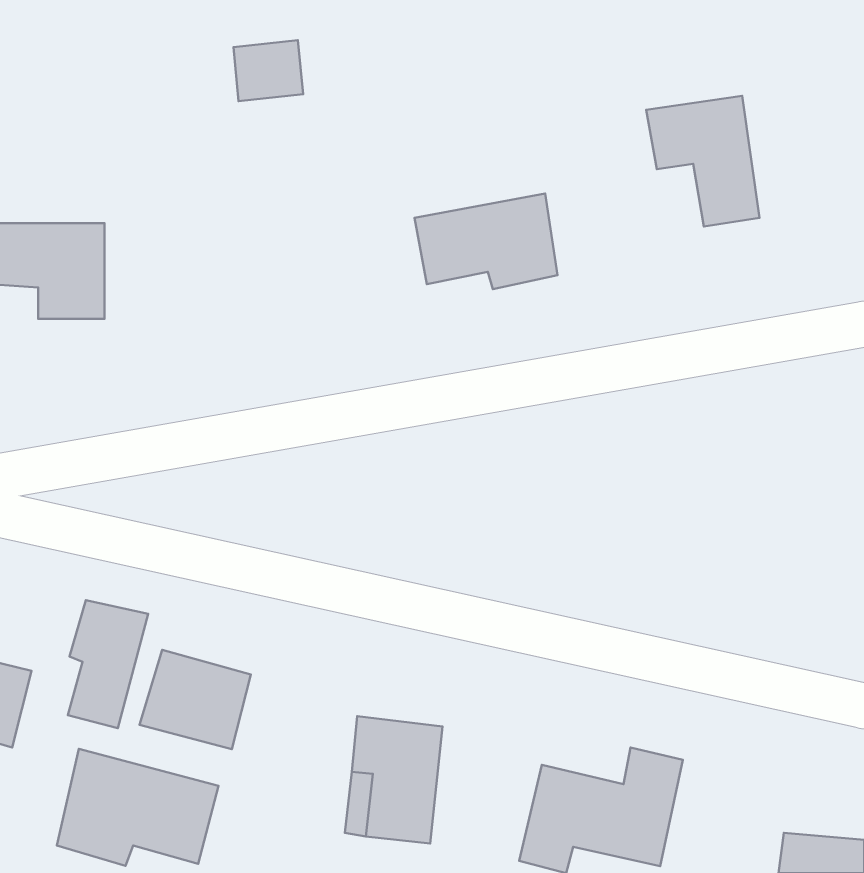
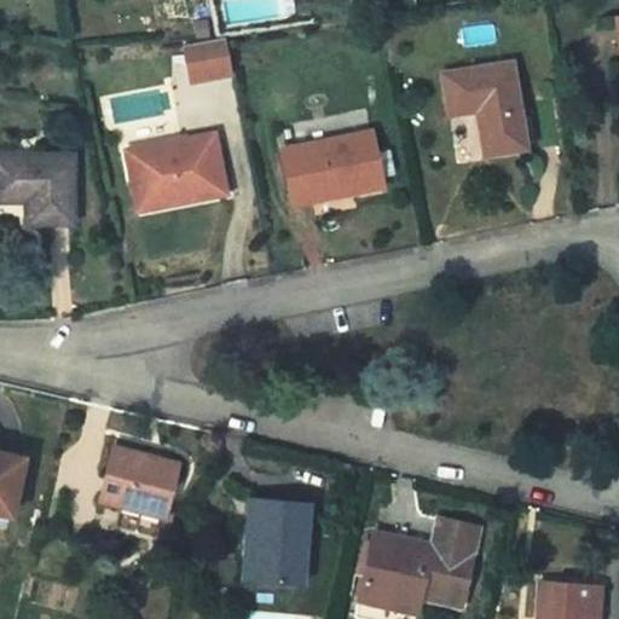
building: none -> [140,133,238,209]
building: [68,600,148,728] -> none
building: [57,749,219,866] -> none

